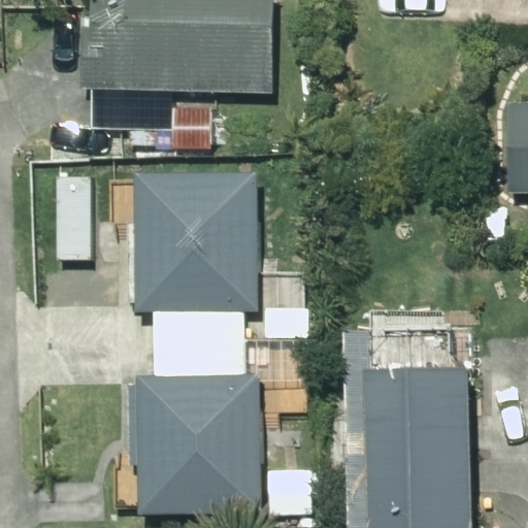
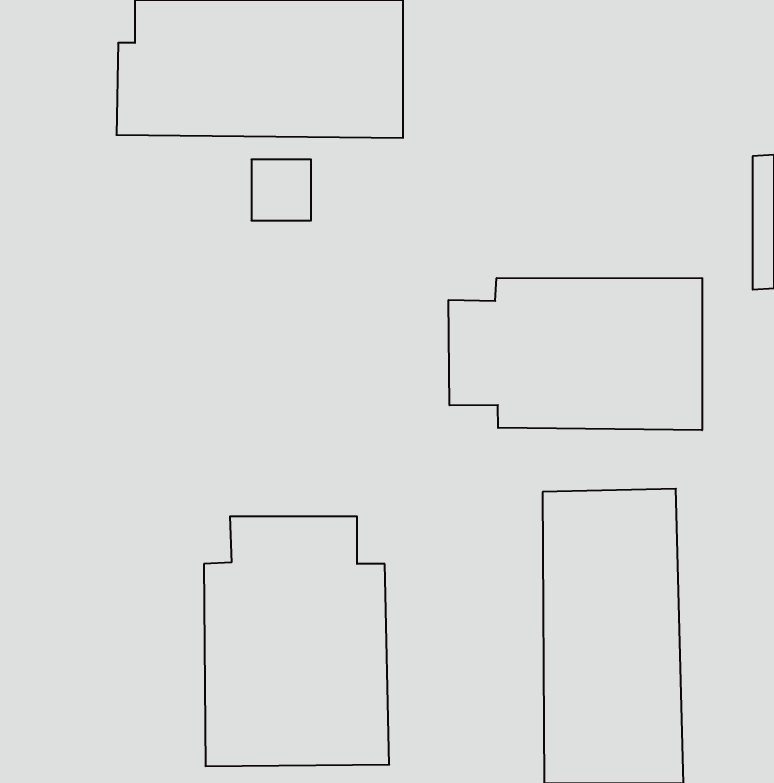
building: [134,175,257,346] -> none
building: none -> [449,278,702,430]

